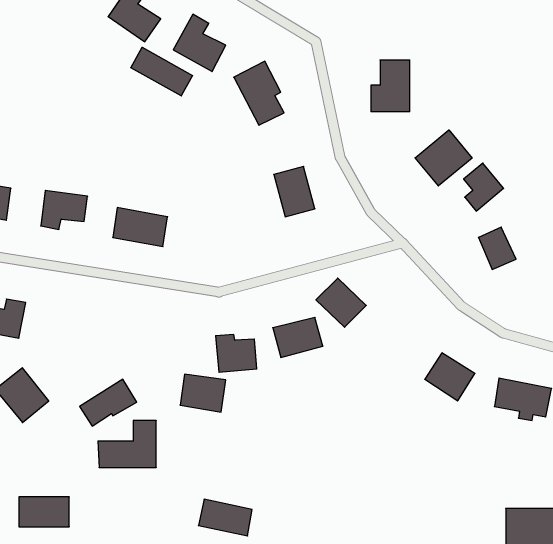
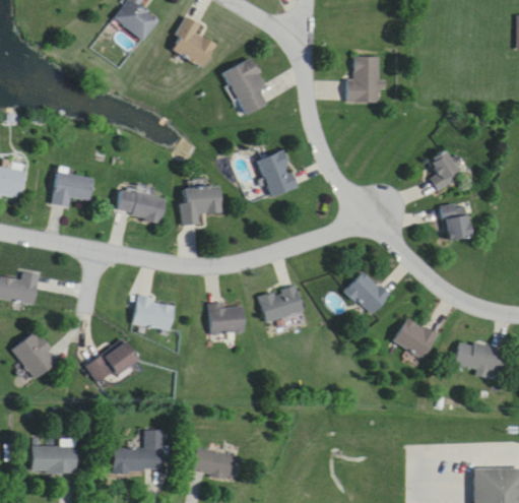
building: [131,47,193,96] -> none
building: [415,130,472,186] -> none
building: none -> [180,186,221,226]
building: [316,278,366,327] -> [344,270,389,314]
building: [180,374,226,412] -> [133,297,174,330]
building: [98,421,156,467] -> [113,429,165,470]

